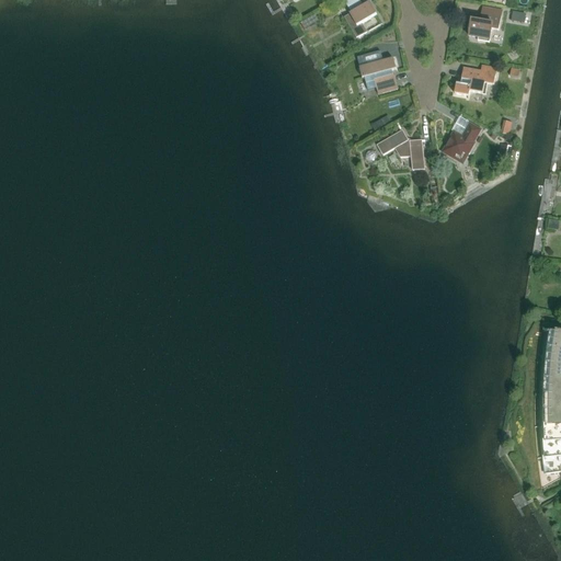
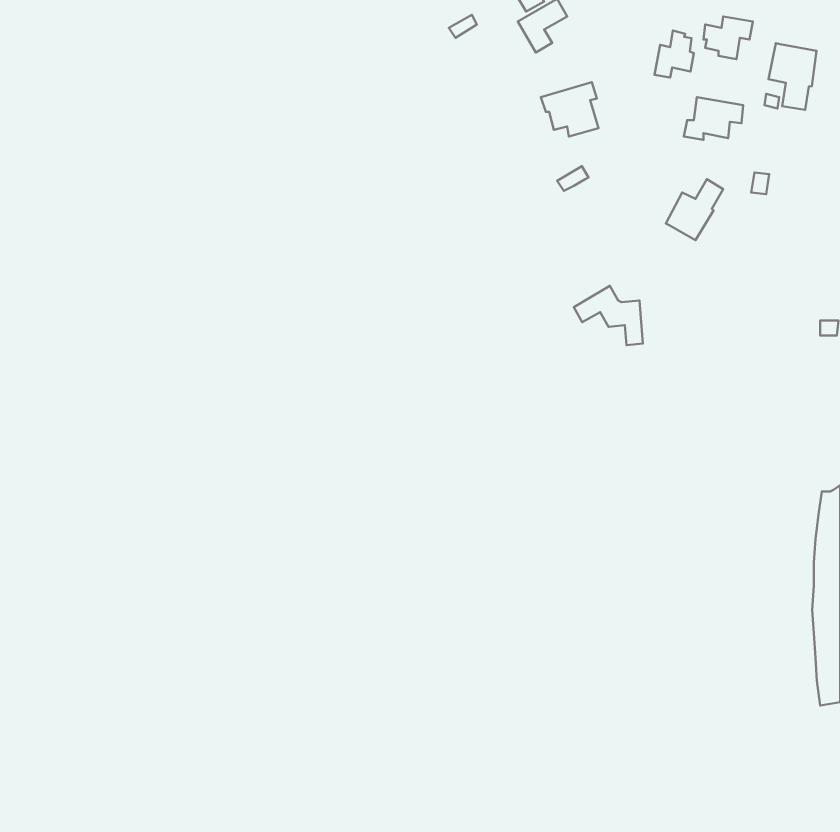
building: none -> [654,30,694,78]
building: none -> [768,43,816,110]
building: [379,127,425,167] -> [574,286,643,345]

